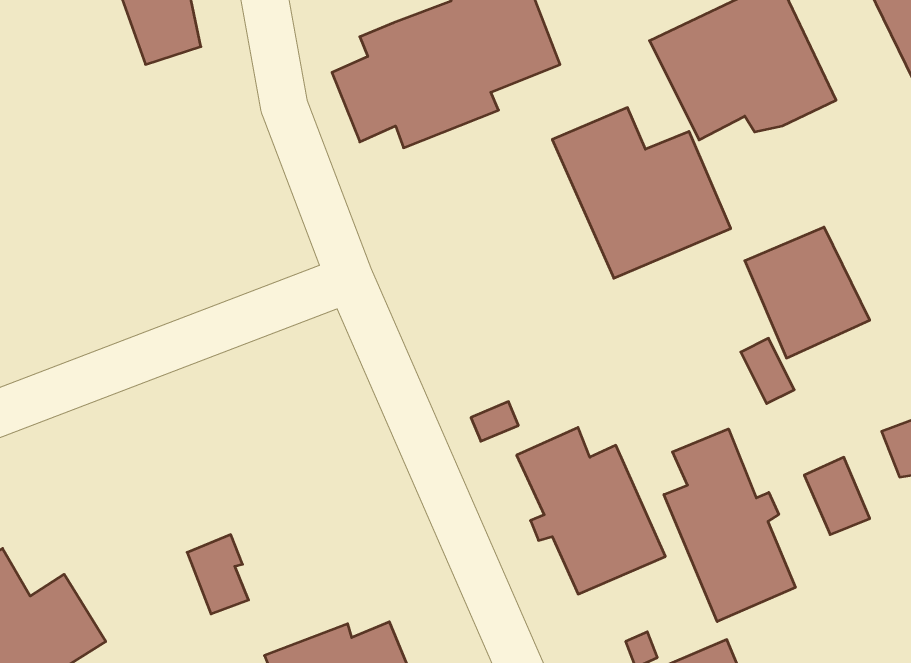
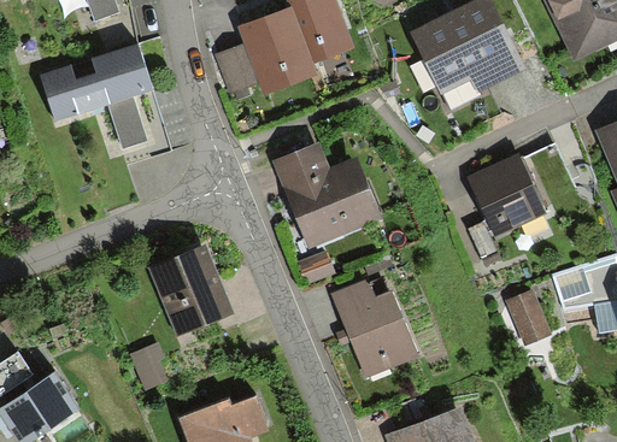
building: none -> [35,43,171,165]
building: [552,108,731,278] -> [274,140,382,243]
building: none -> [148,241,233,329]
building: [664,429,795,622] -> none

